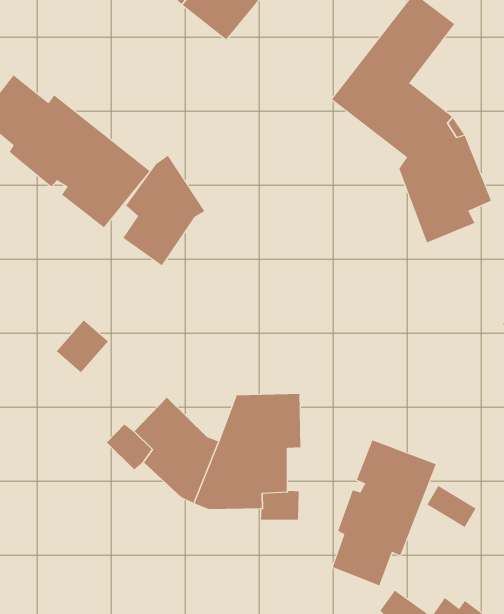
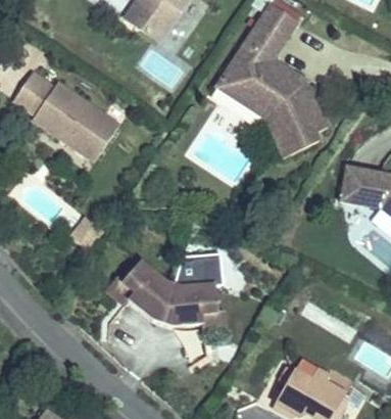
building: none -> [216,71,290,156]
building: [122,155,205,266] -> none
building: [332,440,437,586] -> none

